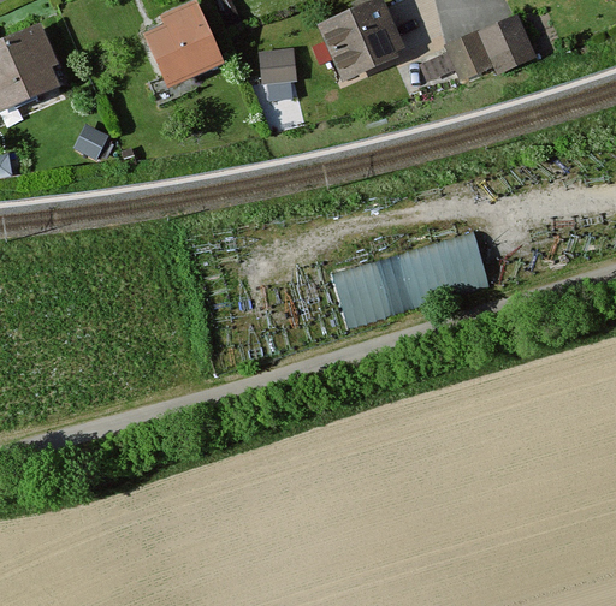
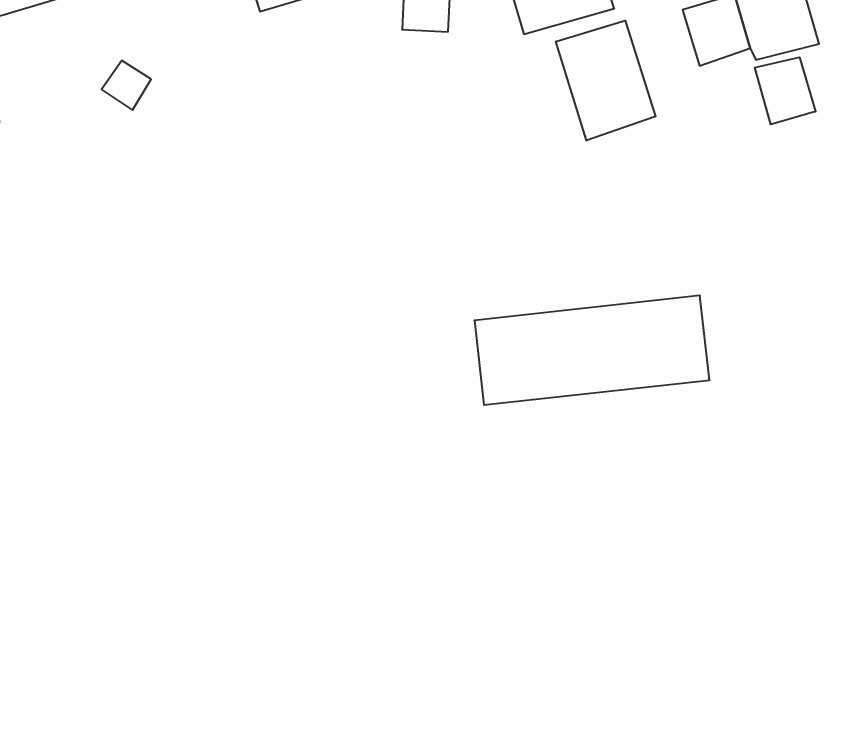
building: none -> [556,21,656,141]
building: none -> [755,57,816,124]

